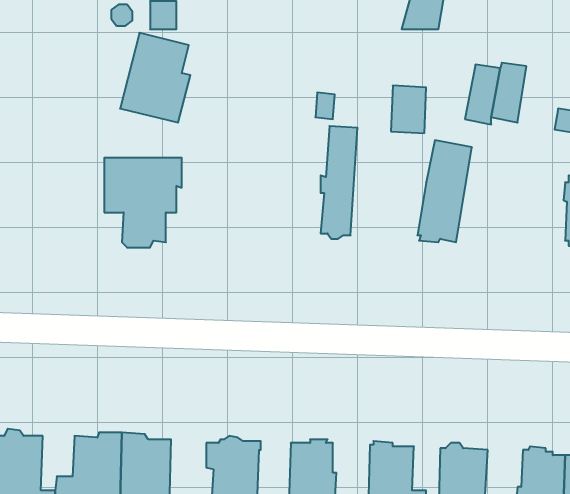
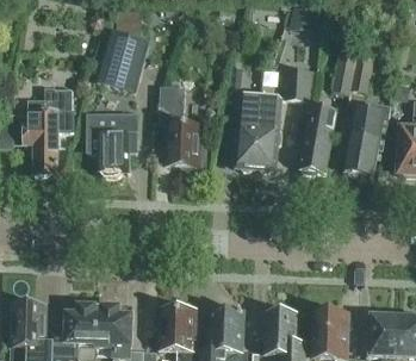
building: none -> [157,87,205,169]
building: none -> [23,89,73,175]
building: none -> [253,95,278,172]
building: none -> [343,101,390,175]

